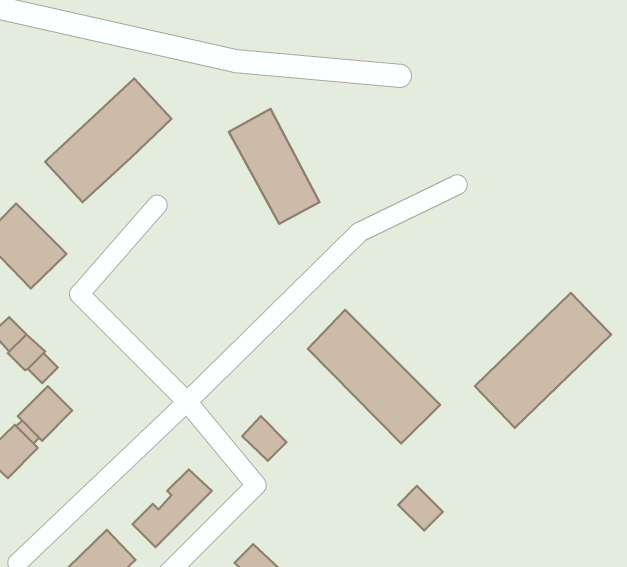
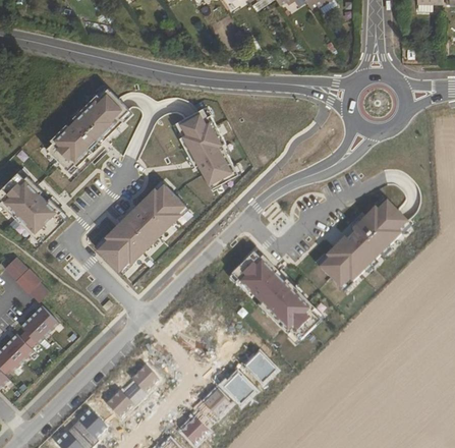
building: none -> [93,181,188,276]
building: [475,293,611,428] -> [315,198,411,293]
building: [242,416,287,461] -> [221,373,252,404]
building: [398,486,443,531] -> [245,351,277,383]
building: none -> [201,389,232,421]

